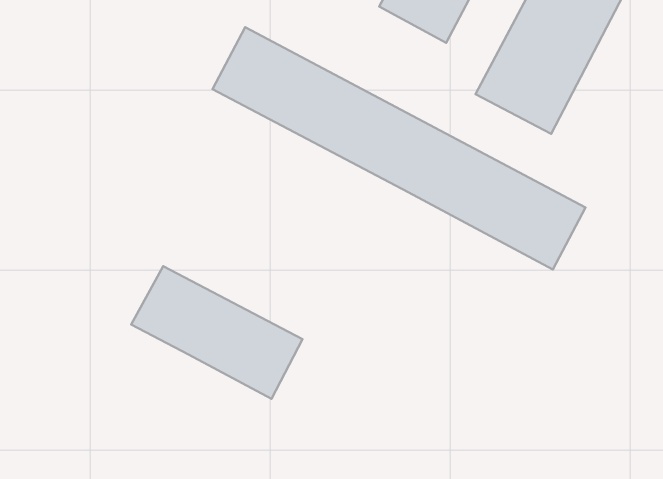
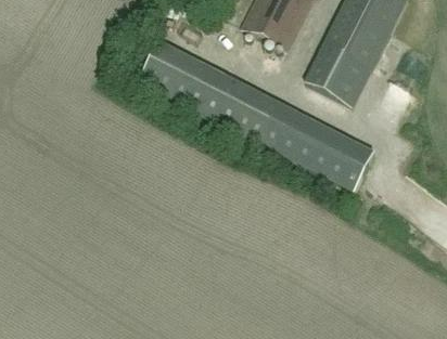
building: [131,266,303,399] -> none

